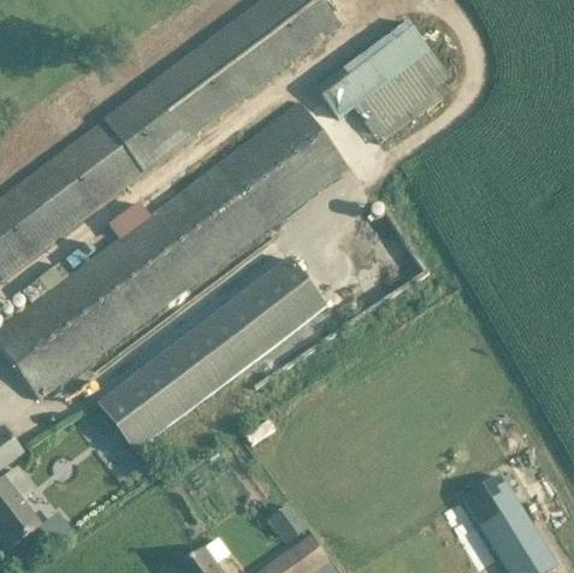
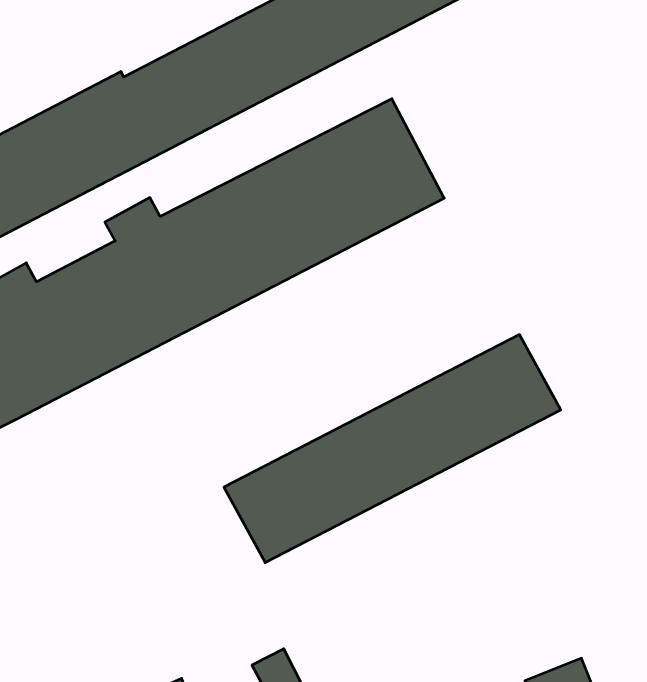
building: [322,29,450,137] -> none
building: [97,259,326,451] -> [224,335,561,563]

